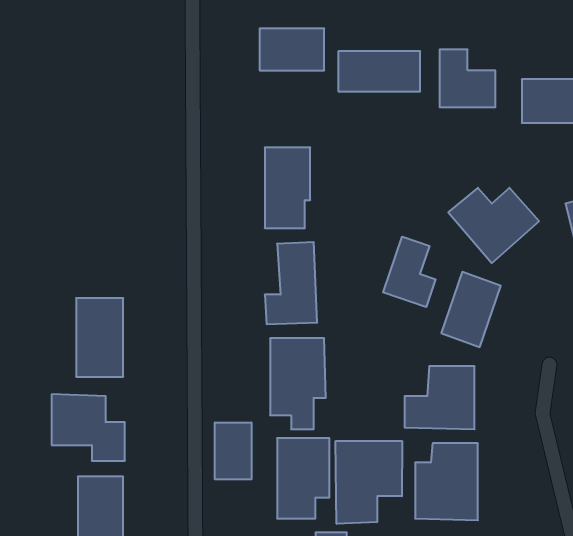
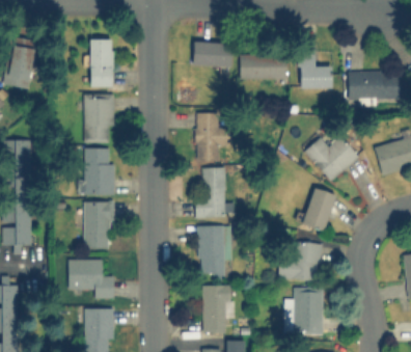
building: none -> [89,39,112,86]
building: none -> [84,94,113,143]
building: none -> [80,148,114,195]
building: [383,237,436,307] -> none
building: [215,422,251,479] -> none
building: [336,441,402,524] -> none

